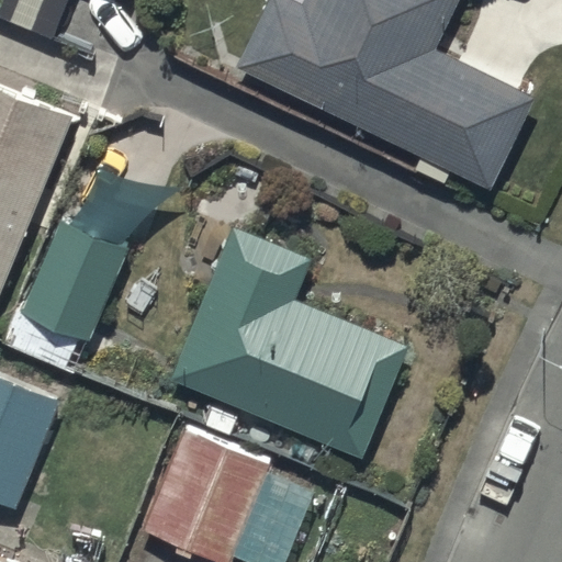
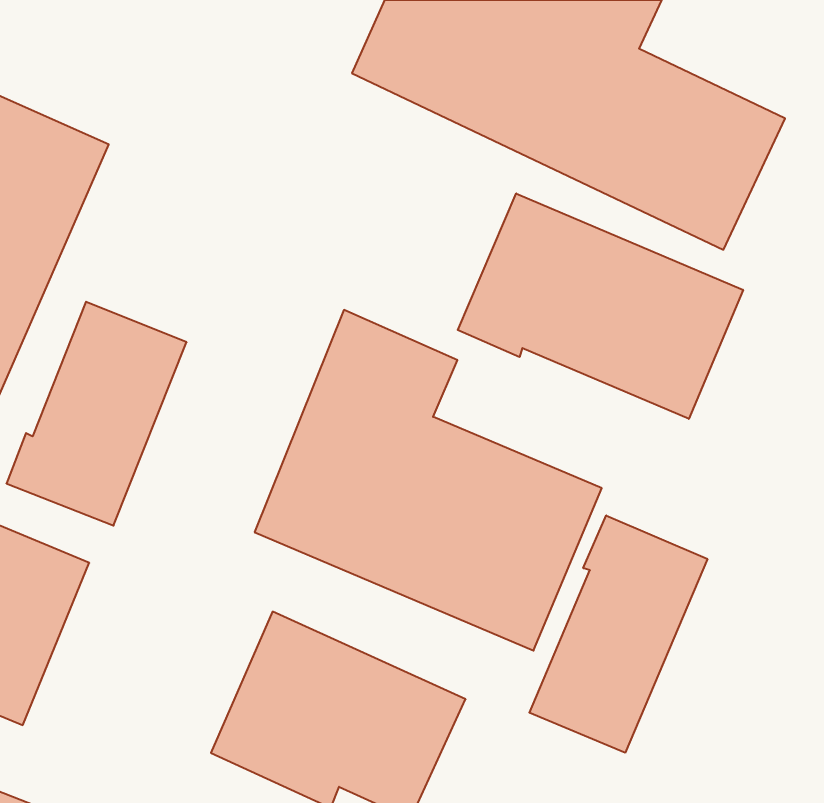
building: none -> [458,193,743,419]
building: none -> [529,515,707,753]

